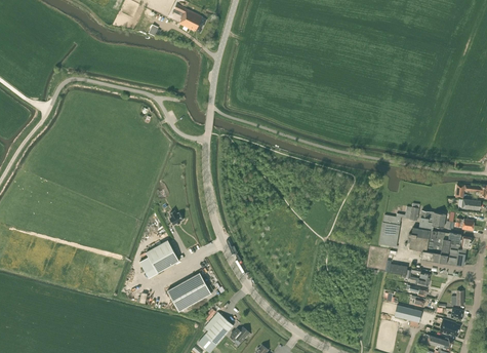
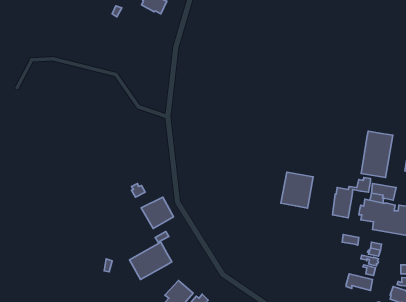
building: none -> [361,131,393,178]
building: none -> [281,172,313,208]
building: [146,240,179,273] -> [141,197,174,228]

